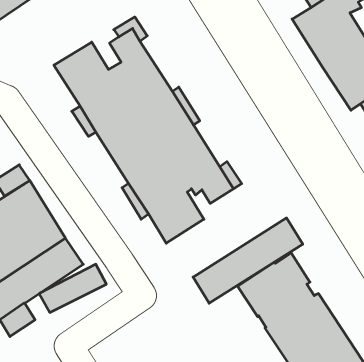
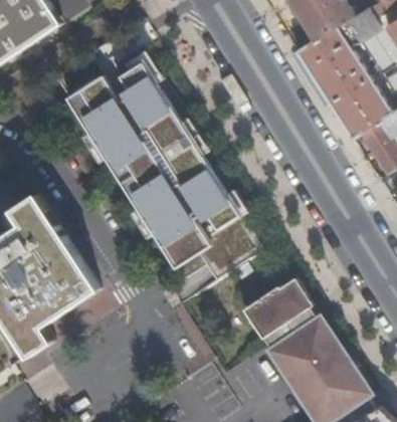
building: [193,218,303,303] -> none

